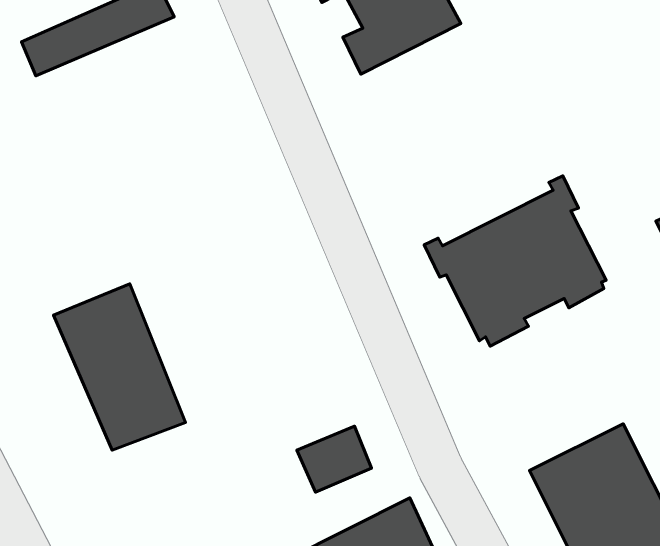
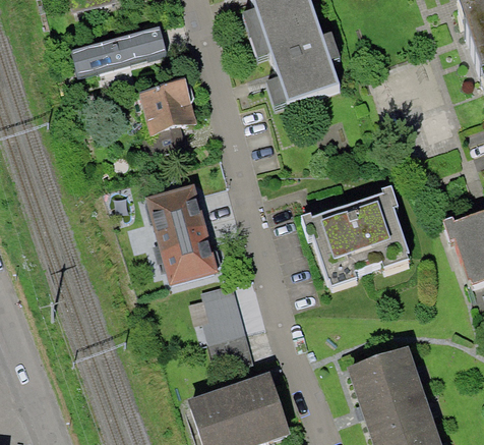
building: none -> [137,80,191,132]
building: [53,284,186,450] -> [144,182,218,284]
building: none -> [186,291,242,334]

